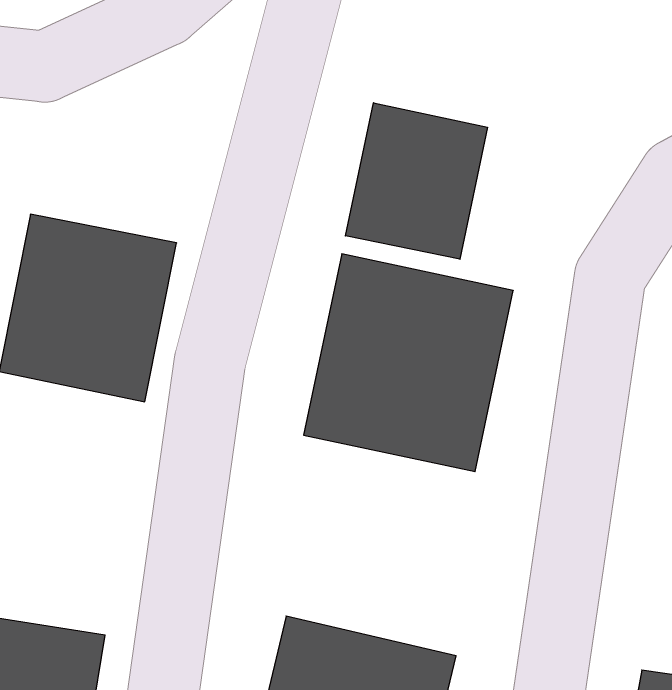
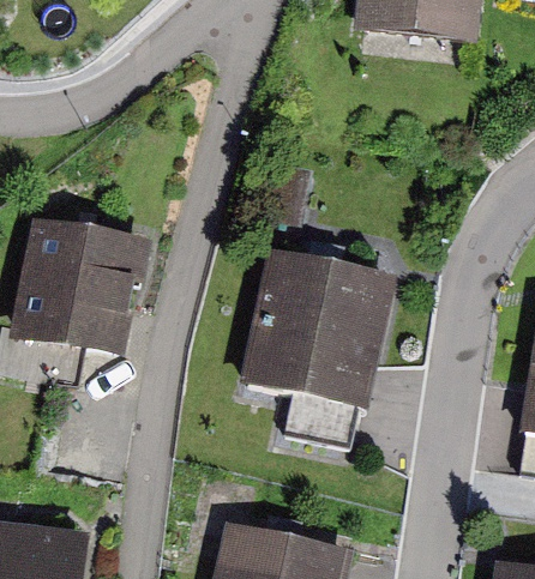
building: [345,103,487,259] -> none

